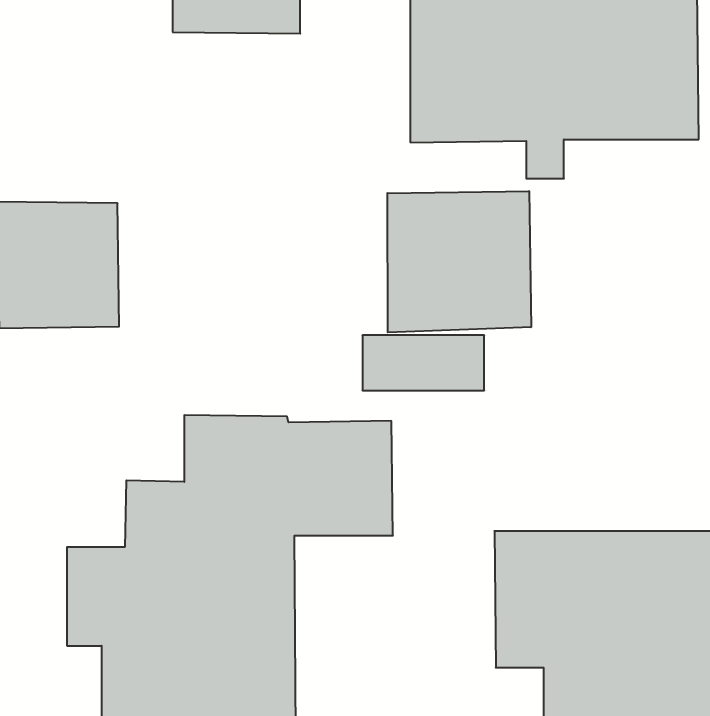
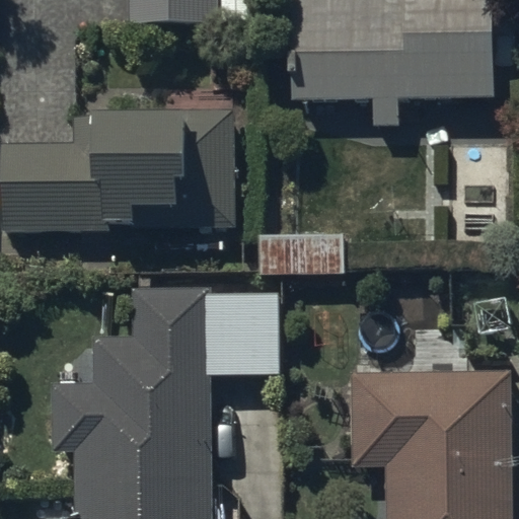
building: none -> [95,85,235,228]
building: [387,191,531,332] -> none

